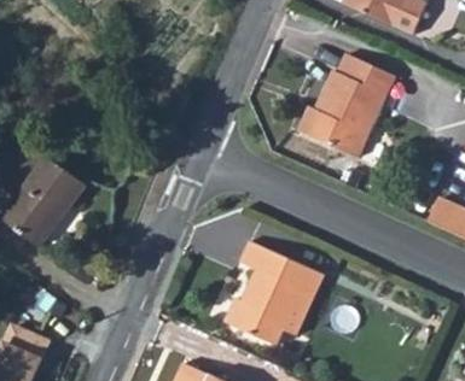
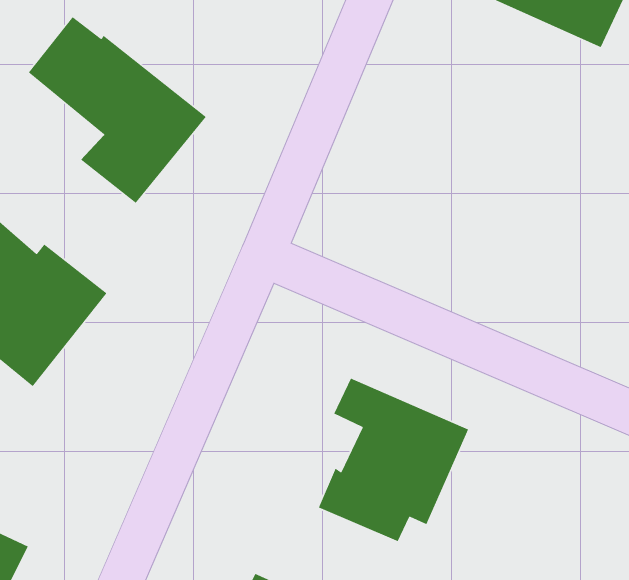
building: none -> [28,16,207,204]
building: [298,52,394,157] -> none

